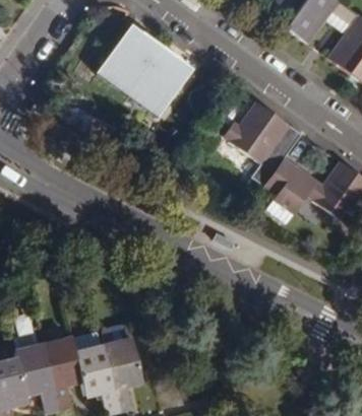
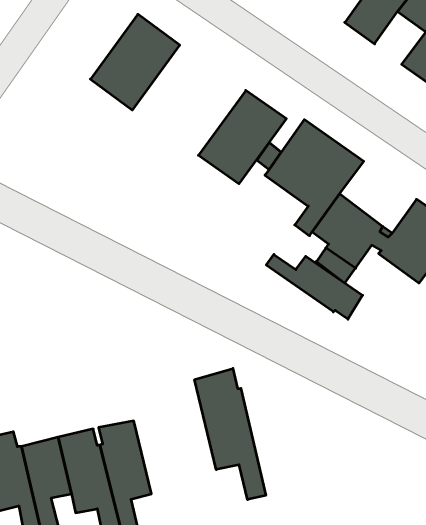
building: [126,44,192,114] -> [198,90,286,184]
building: none -> [266,254,363,319]
building: none -> [195,368,266,500]

